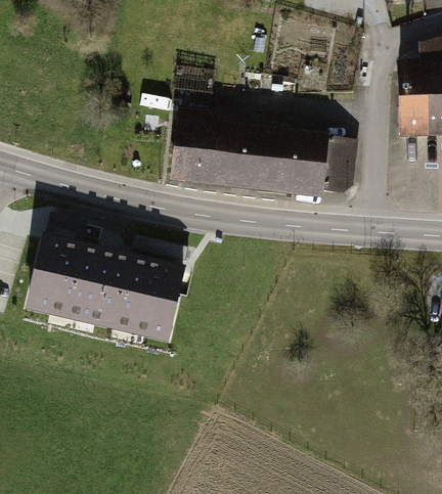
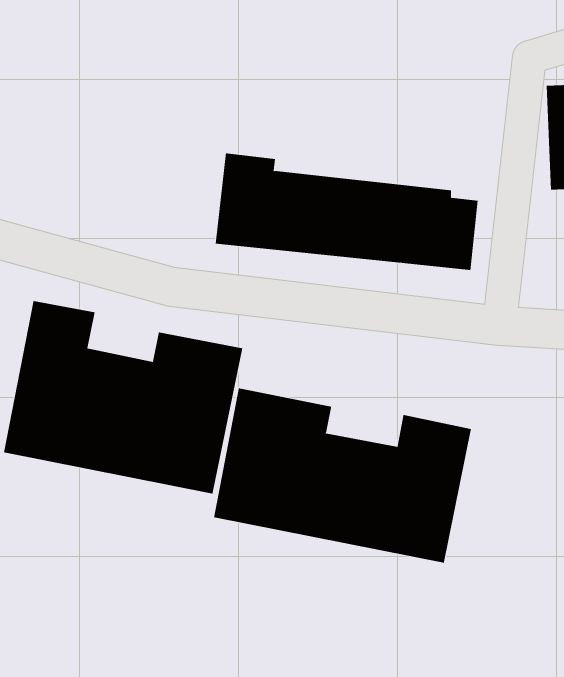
building: none -> [214,387,472,564]

